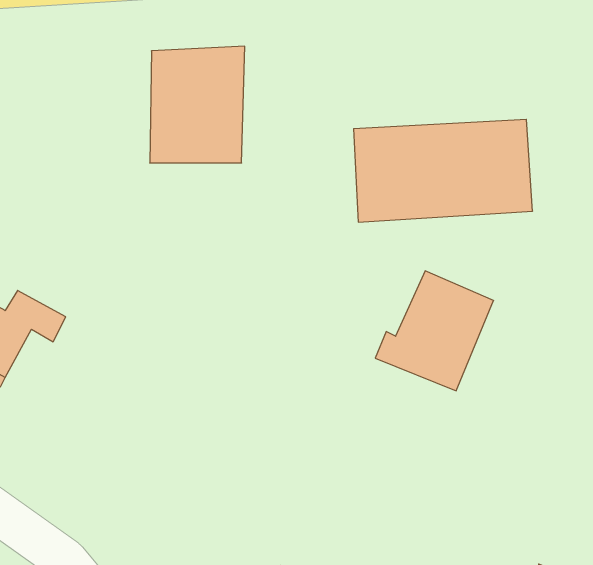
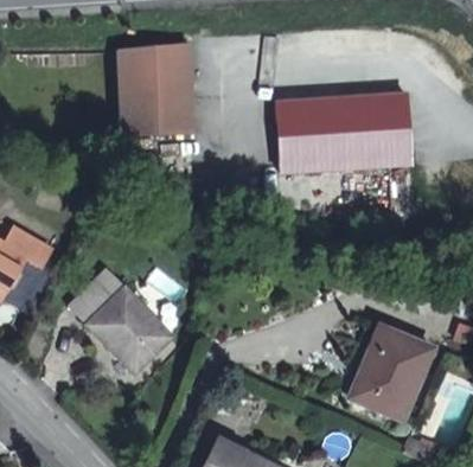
building: [375,271,494,391] -> [346,328,436,420]
building: none -> [72,270,168,366]

